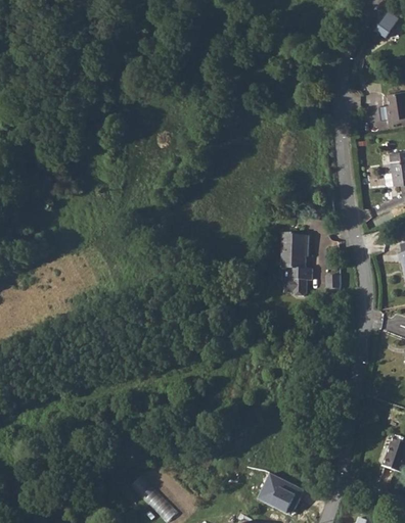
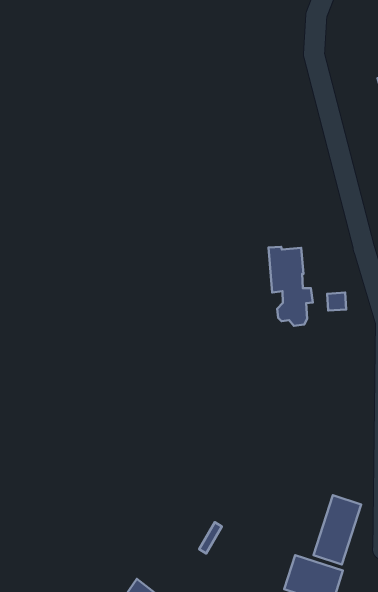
building: none -> [313,495,361,564]

